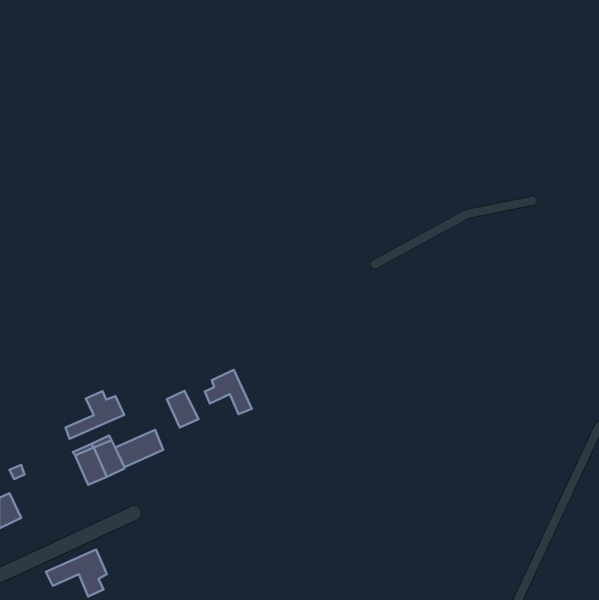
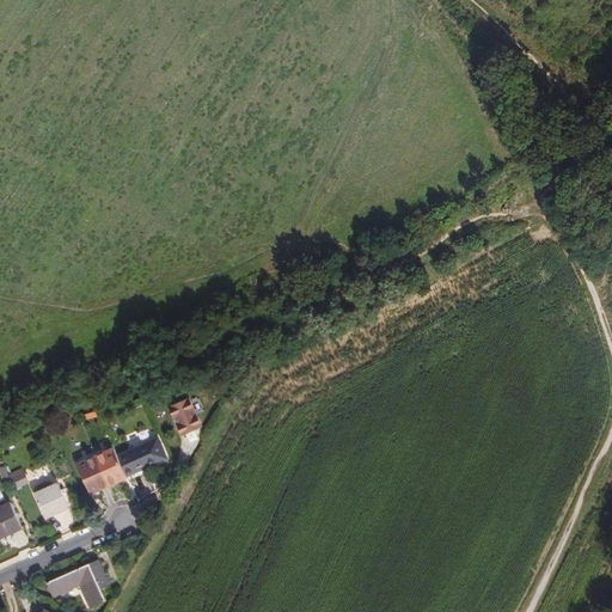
building: [205,370,252,414] -> none
building: [66,391,124,439] -> none
building: none -> [33,484,68,518]

